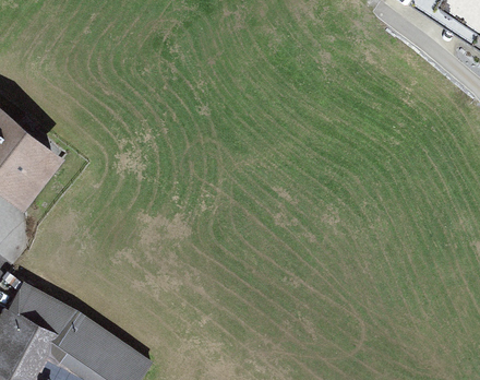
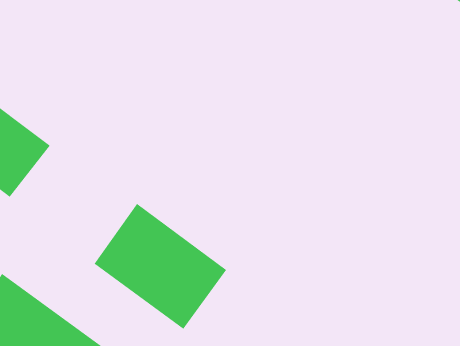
building: none -> [93,203,227,330]

